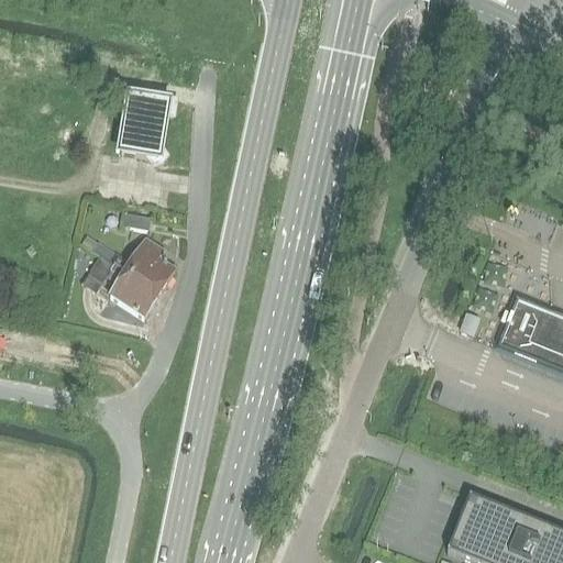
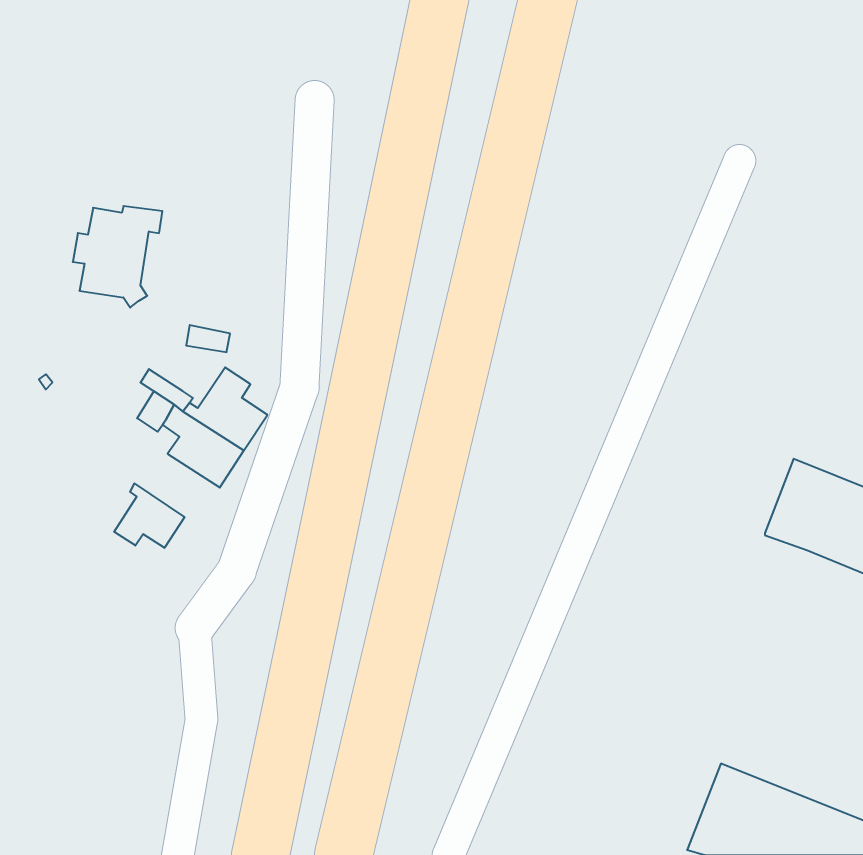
building: [117,96,175,162] -> [73,206,162,308]
building: none -> [114,483,184,548]

